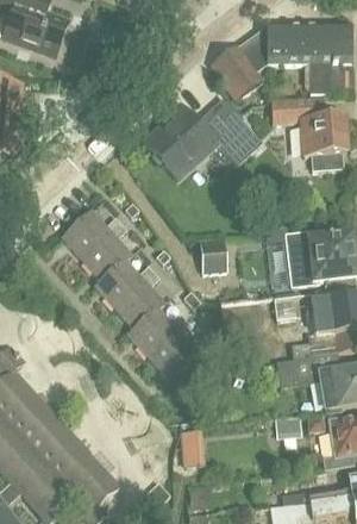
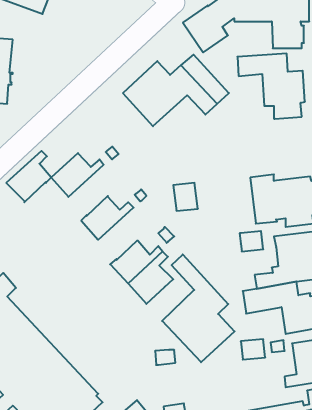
building: [81,223,131,280] -> [6,151,51,202]
building: [114,270,165,329] -> none
building: none -> [162,254,235,362]

